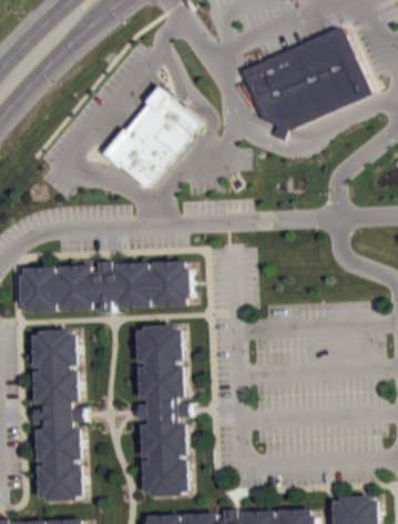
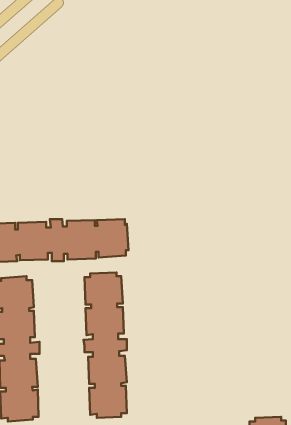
building: [238,28,366,141] -> none
building: [100,87,198,189] -> none

